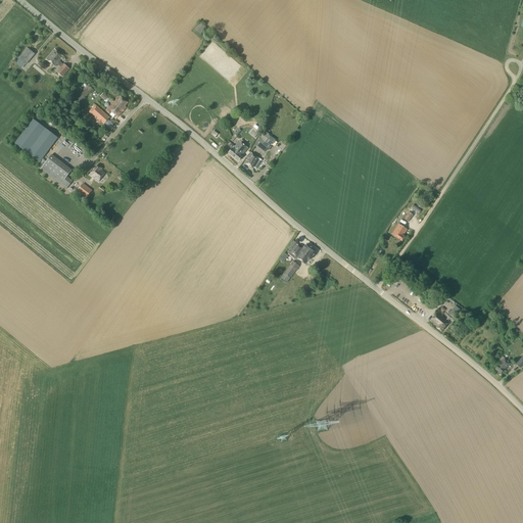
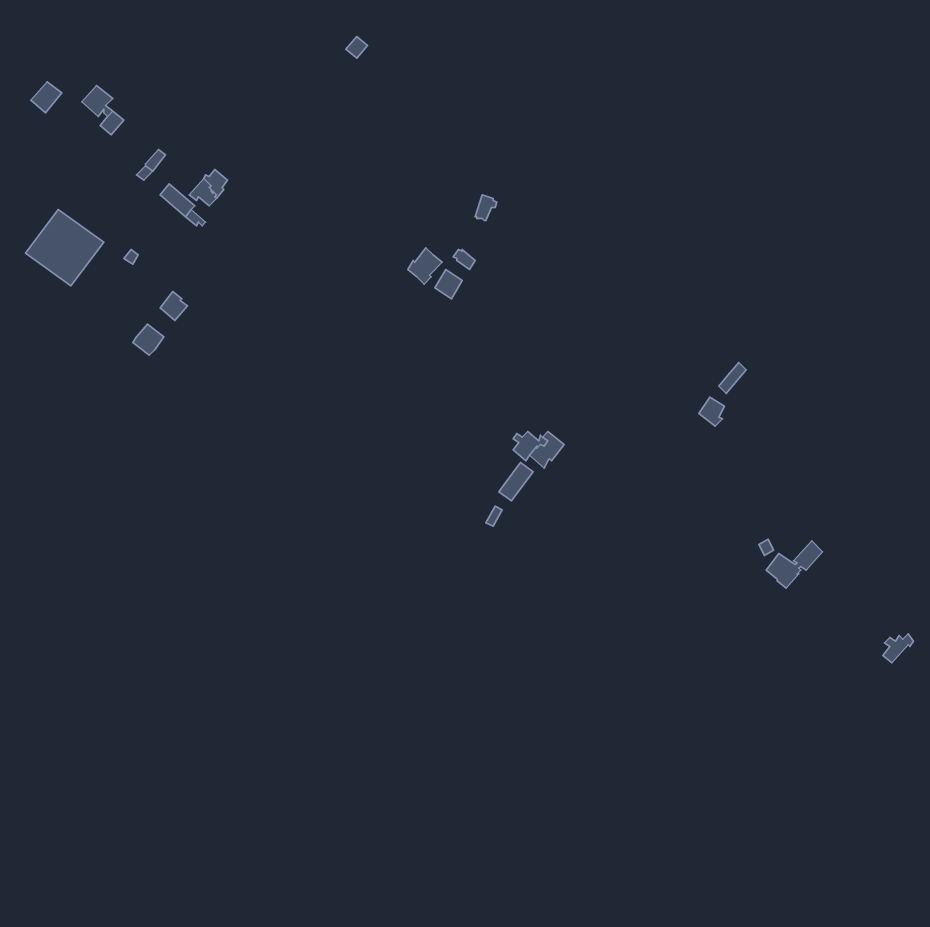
building: [40,153,73,188] -> none

